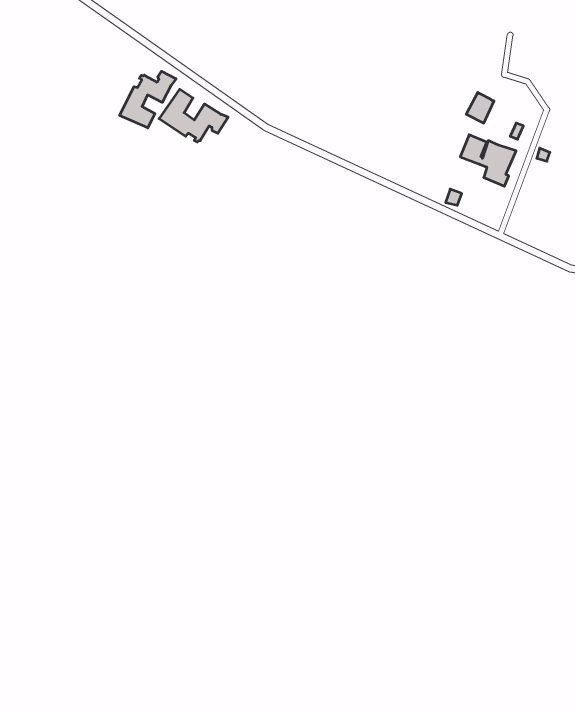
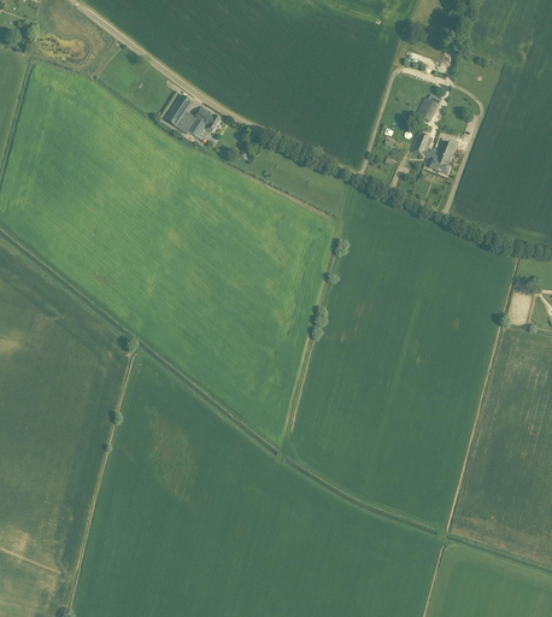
building: [120,71,176,128] -> none

